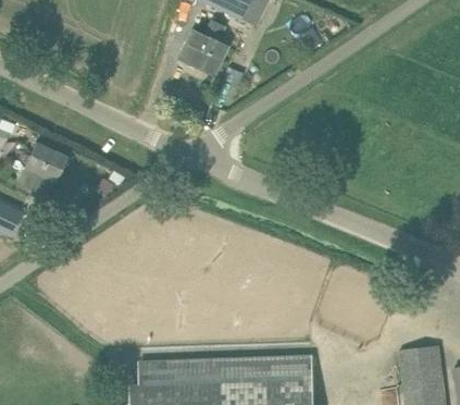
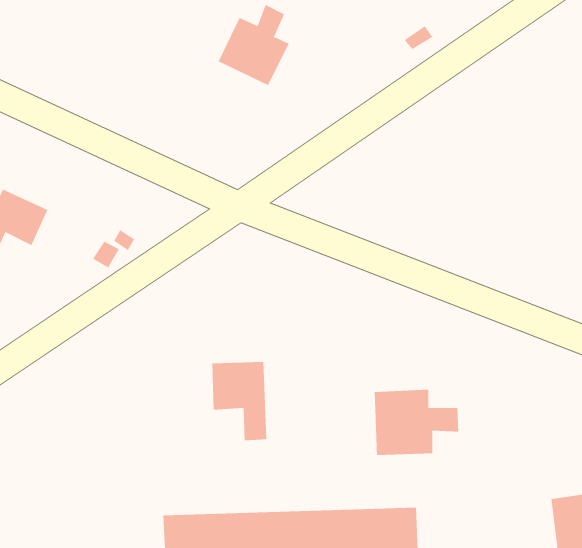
building: none -> [212,361,267,441]
building: none -> [374,389,459,456]

